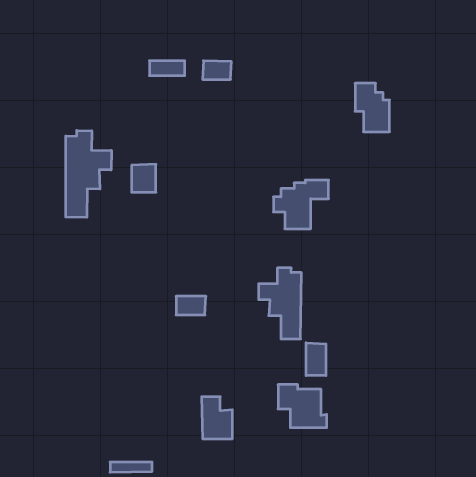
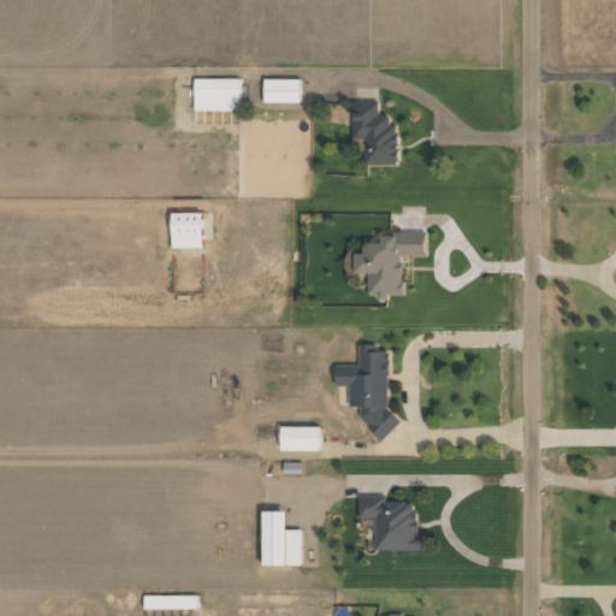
building: [355,83,390,132] -> [351,102,396,165]
building: [66,130,111,217] -> none
building: [176,296,206,315] -> [279,426,318,450]
building: [306,343,326,376] -> none

